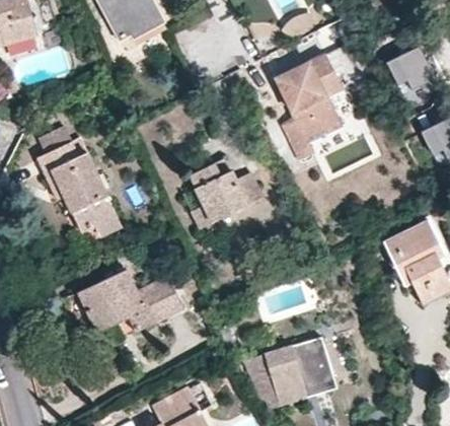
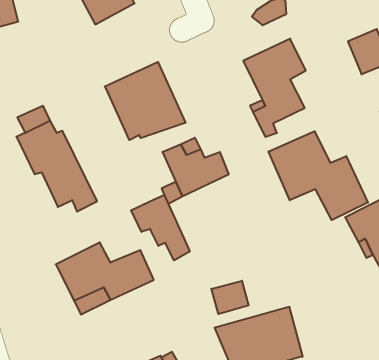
building: none -> [105,62,185,140]
building: none -> [269,131,368,220]
building: none -> [131,195,190,260]
building: none -> [211,281,249,314]

